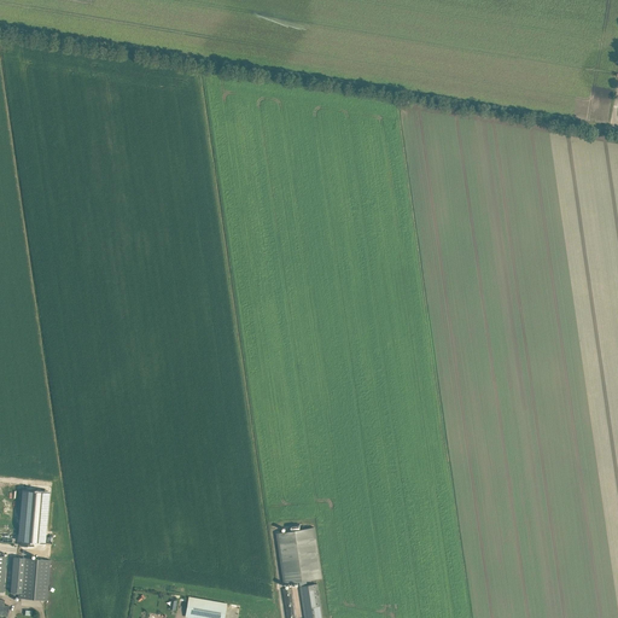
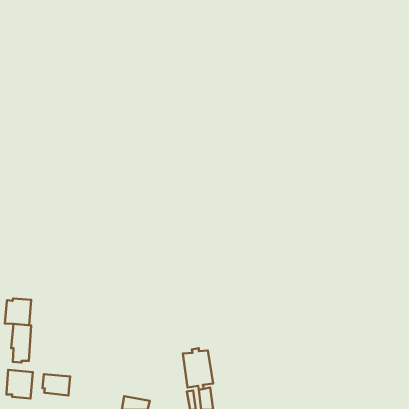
building: none -> [5,299,31,325]
building: none -> [43,374,70,395]

